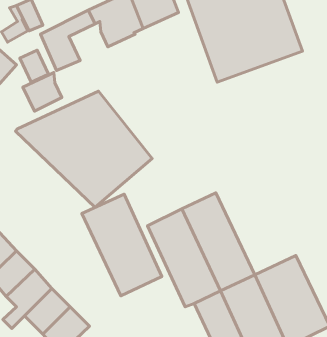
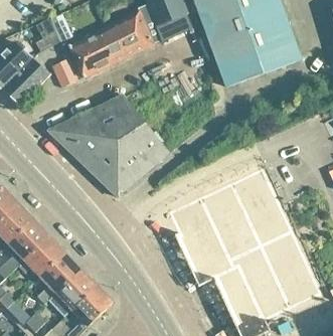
building: [23,72,62,111] -> [95,33,129,67]
building: [82,194,162,296] -> [224,167,295,257]

